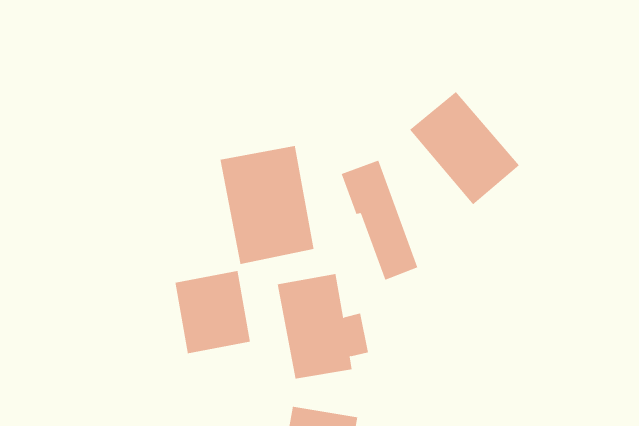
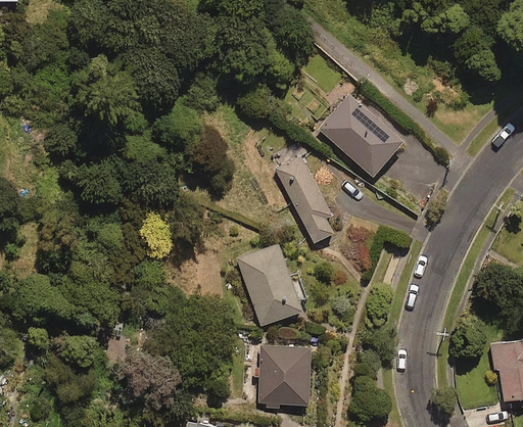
building: [220,145,314,265] -> none
building: [175,270,251,354] -> none

